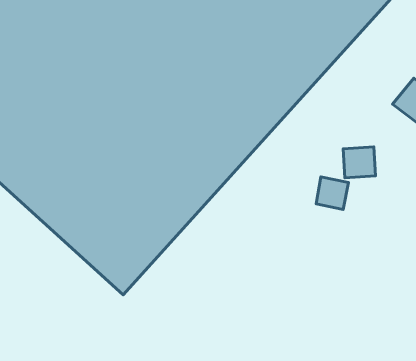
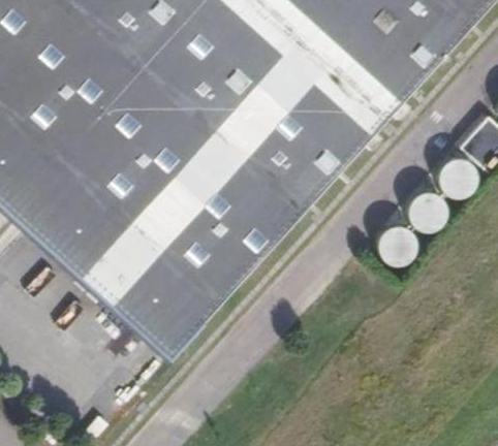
building: none -> [439,159,474,196]

